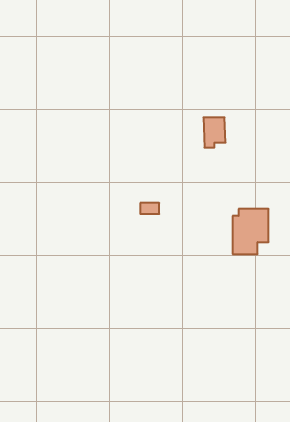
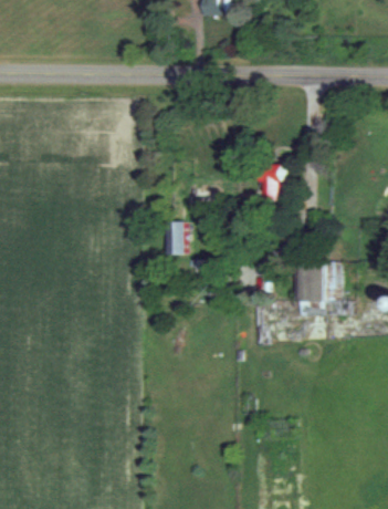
building: none -> [166,220,183,253]

